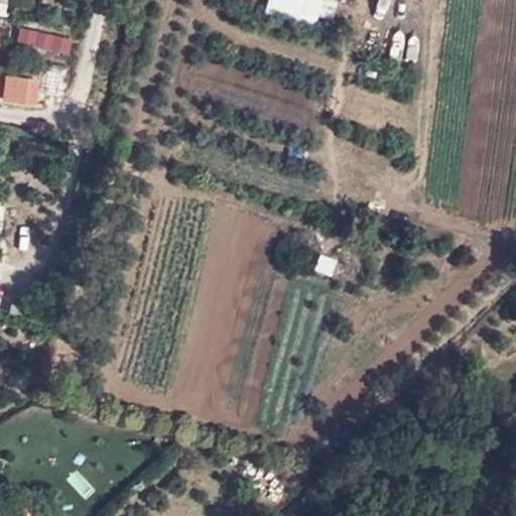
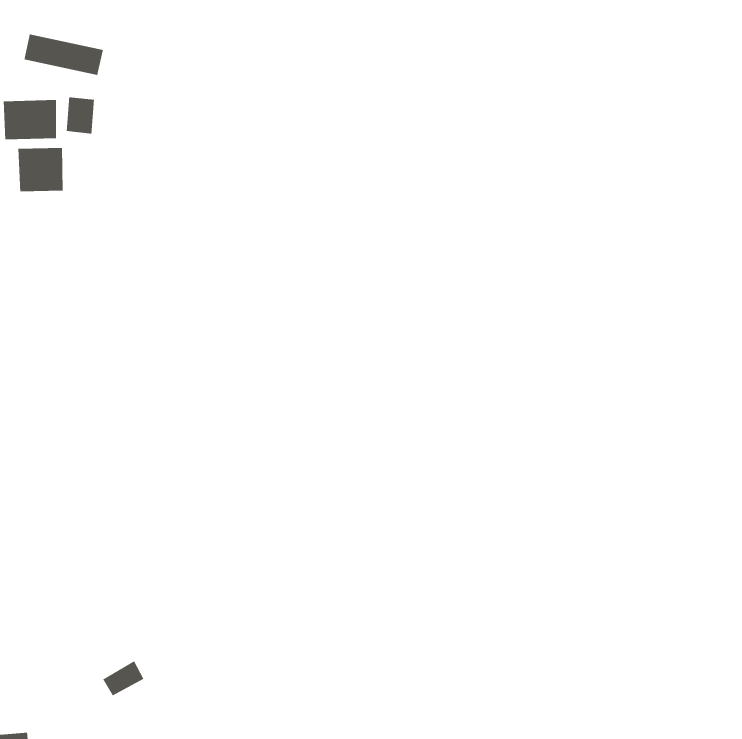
building: none -> [18,147,64,192]

